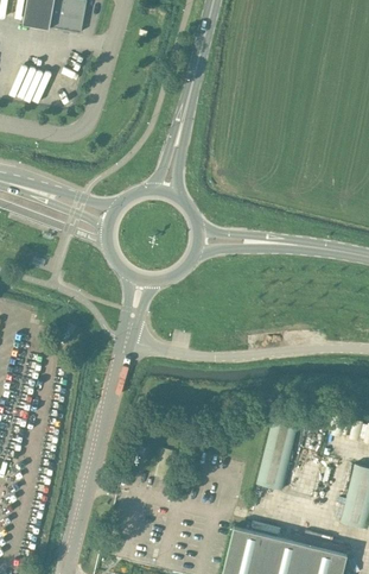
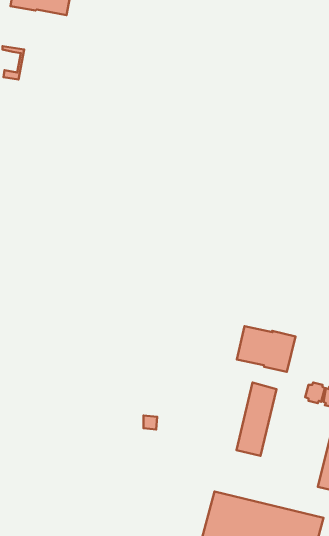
building: none -> [237,326,296,372]

